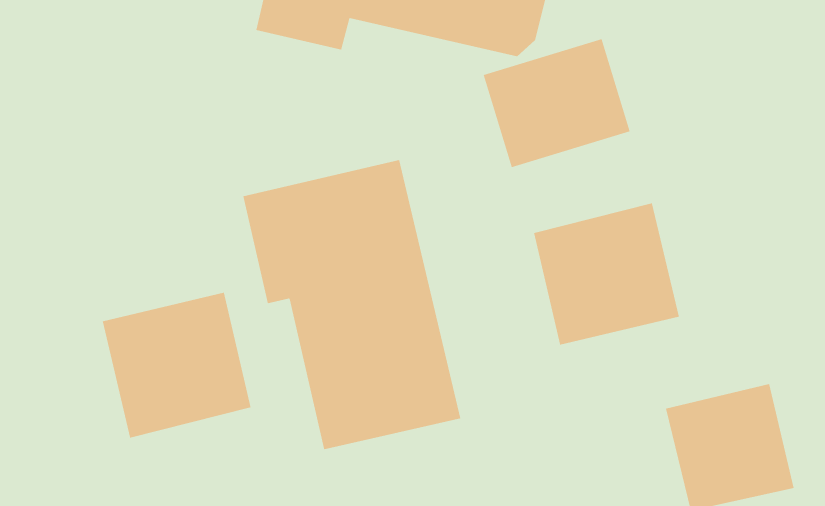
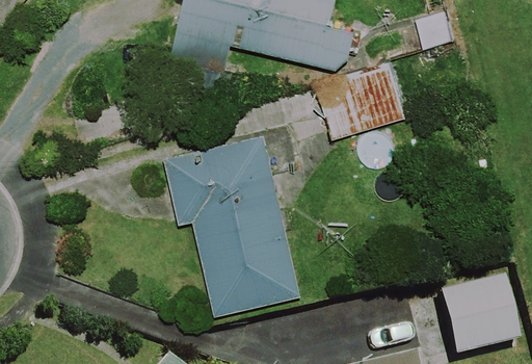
building: [534,203,679,346] -> none
building: [102,292,251,438] -> none

